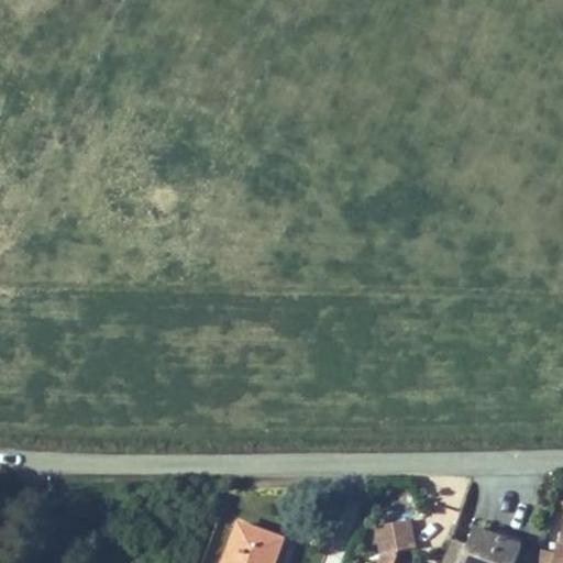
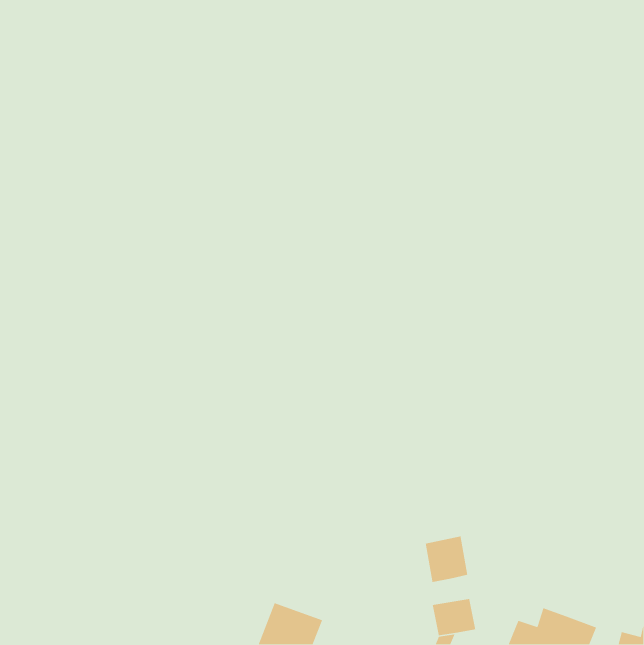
building: none -> [425,535,468,583]

